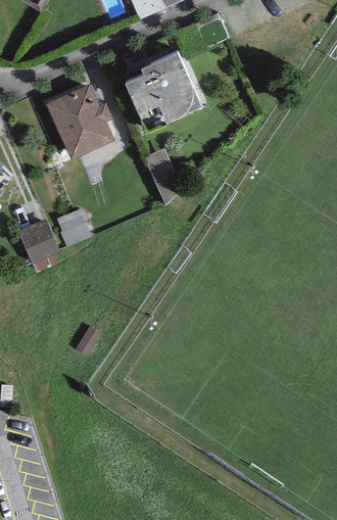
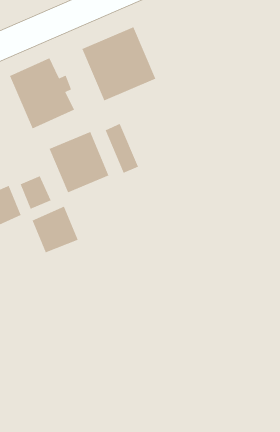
building: none -> [49,131,109,193]
building: none -> [32,206,79,253]

